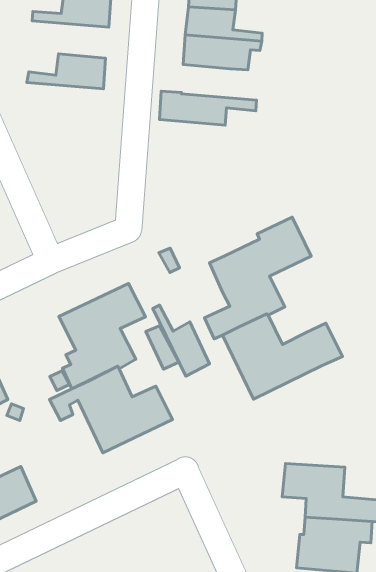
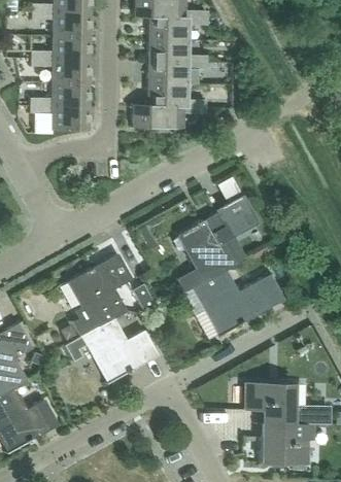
building: none -> [32,59,91,83]
building: none -> [149,84,207,108]
building: none -> [31,106,90,131]
building: [153,305,210,376] -> none

